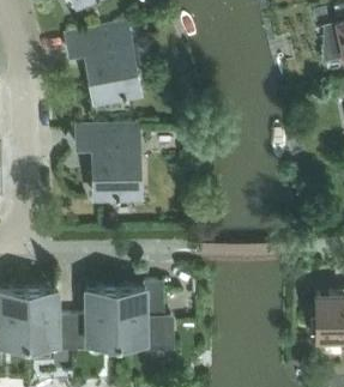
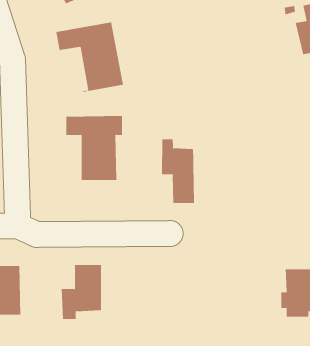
building: none -> [162,138,195,204]
building: [116,283,173,349] -> none
building: [28,290,73,350] -> none

